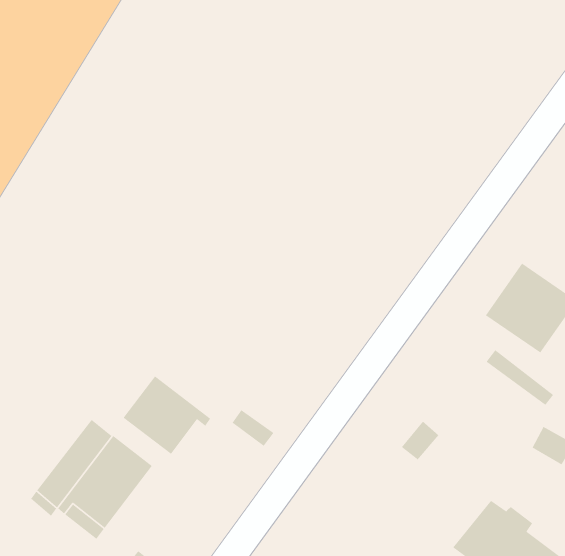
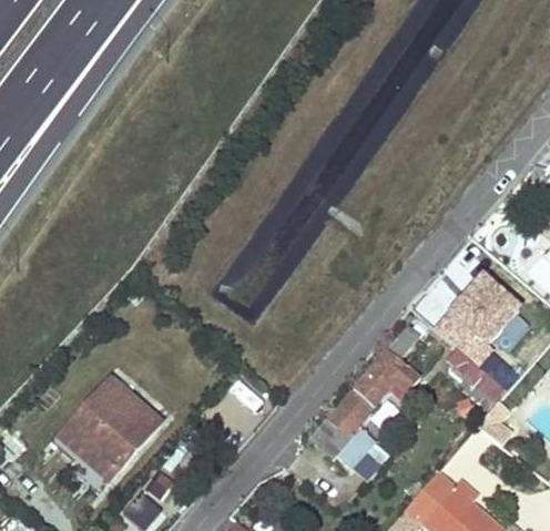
building: none -> [310,328,419,464]
building: [123,375,211,455] -> none

